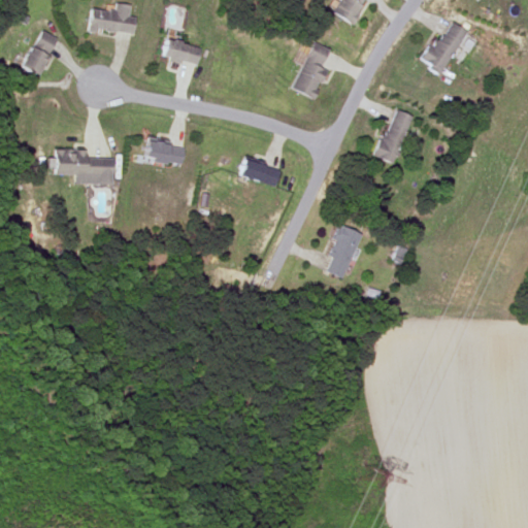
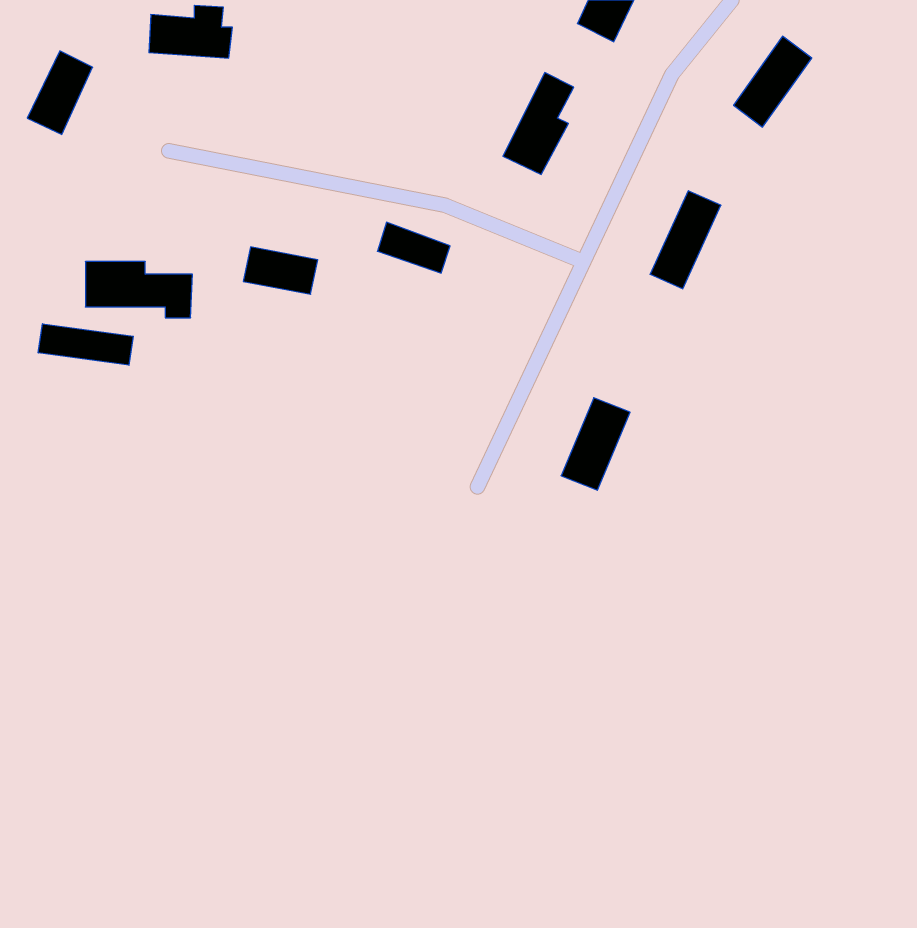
building: [162,38,203,65] -> none
building: [240,158,282,187] -> [377,222,450,273]
building: none -> [38,324,133,365]

